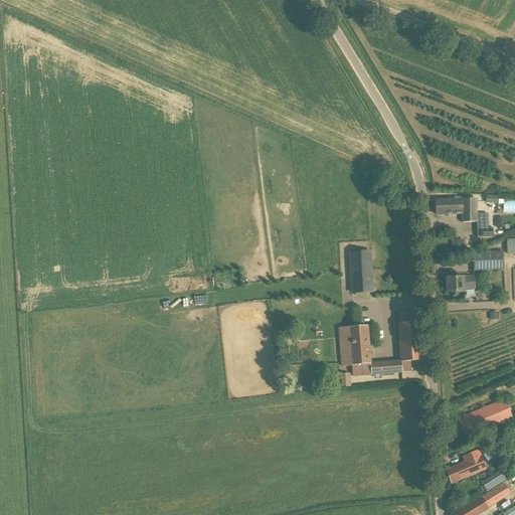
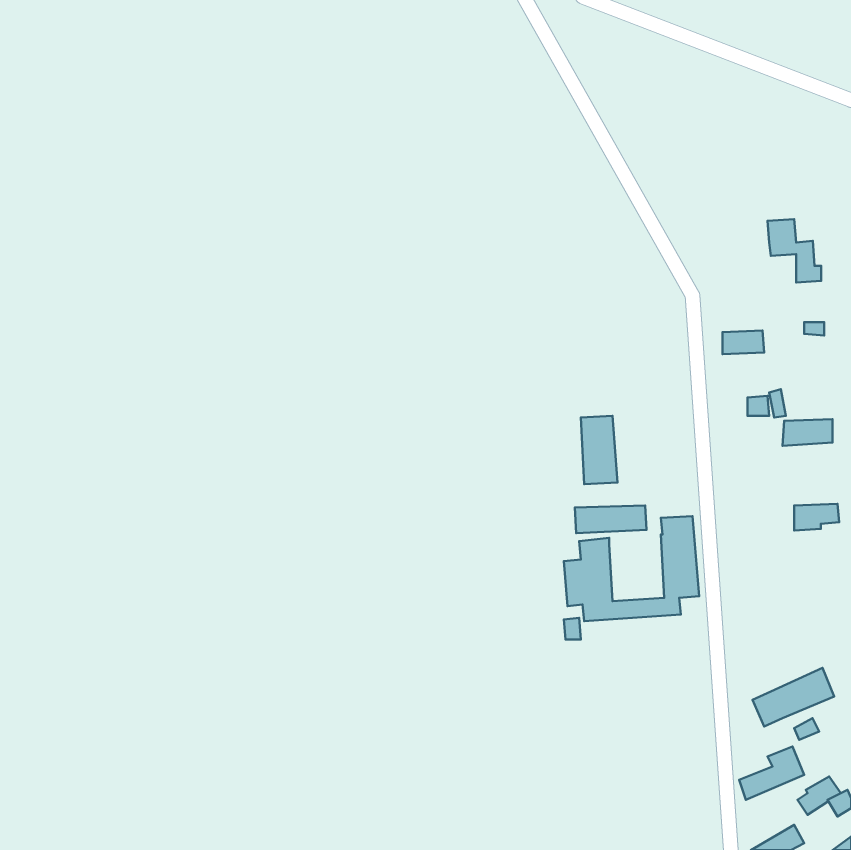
building: [460,198,492,236] -> [768,219,821,283]
building: [447,276,474,292] -> [794,504,839,531]
building: none -> [575,505,646,533]

